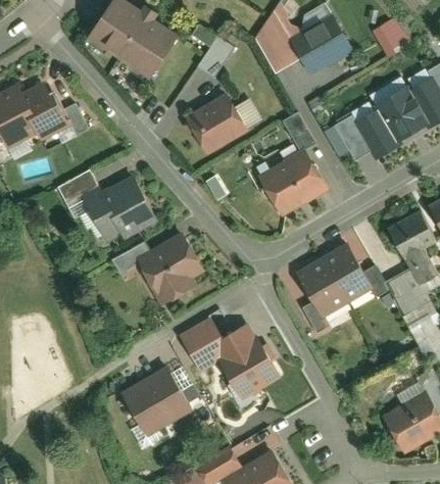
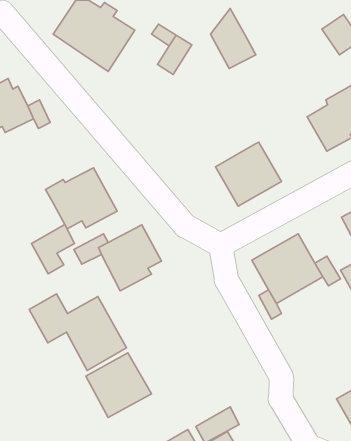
building: [289,15,351,75] -> none
building: [184,93,247,153] -> none
building: [282,112,315,151] -> none
building: [334,116,370,160] -> none
building: [55,168,100,220] -> [31,225,75,274]
building: [181,320,282,399] -> [29,294,126,370]

